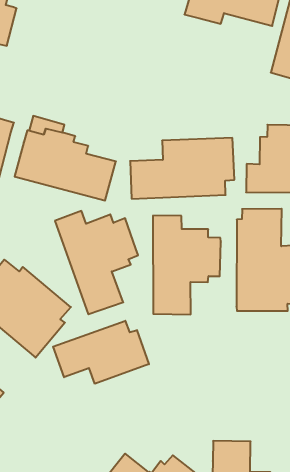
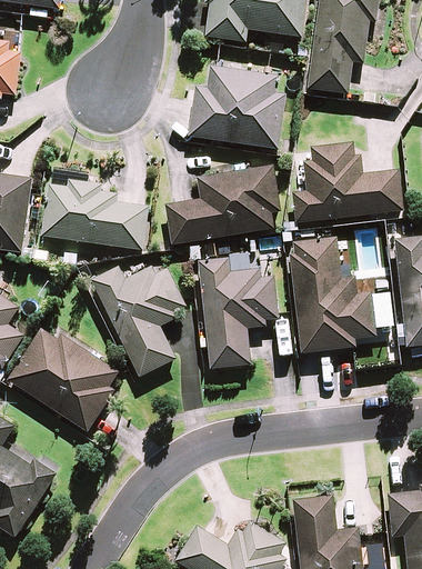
building: none -> [188,64,287,149]
building: [53,321,149,384] -> none

